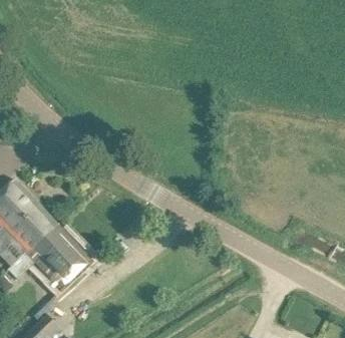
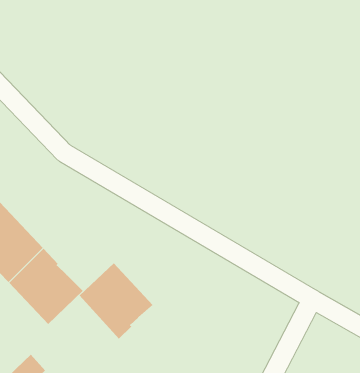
building: none -> [79,262,153,339]

